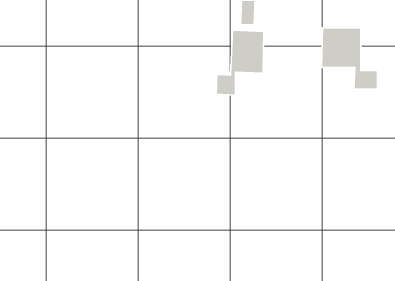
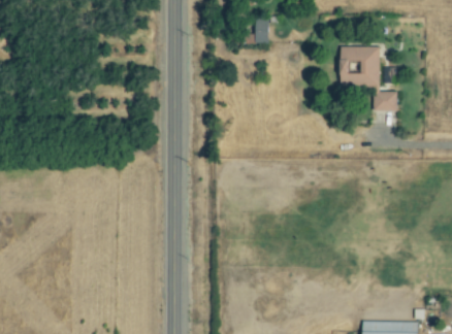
building: [216,30,264,95] -> none

